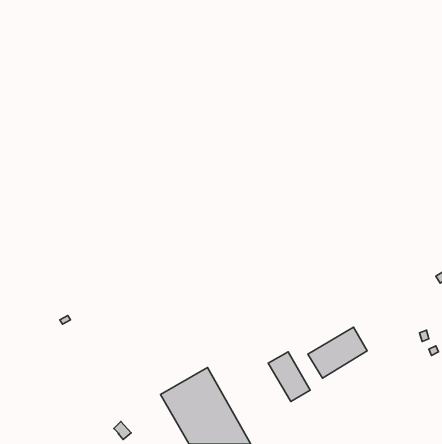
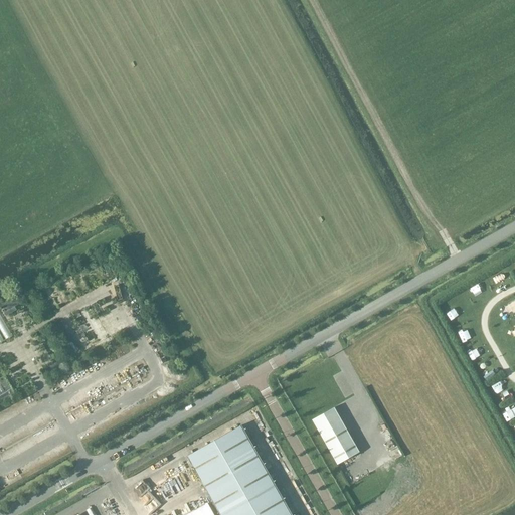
building: [308,327,367,378] -> none

